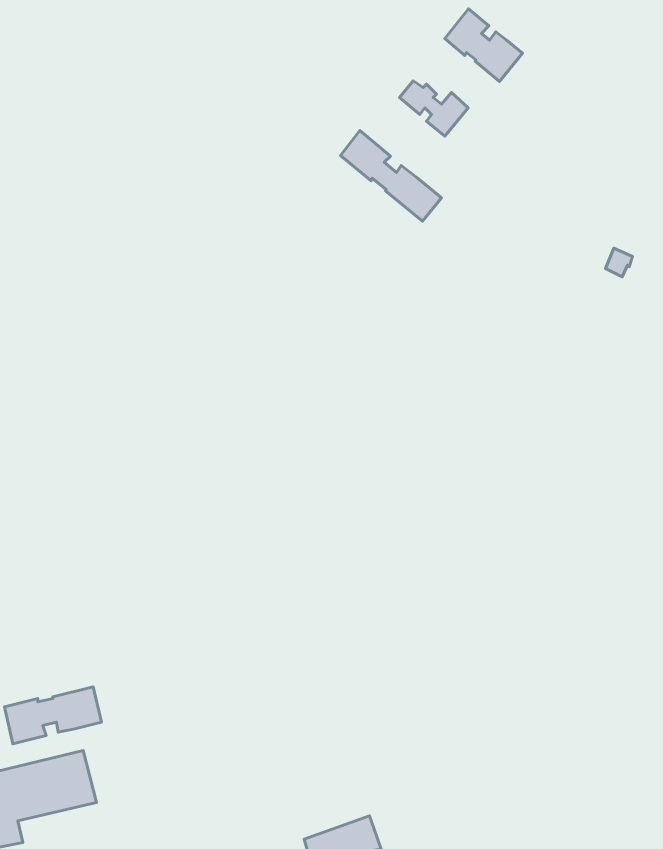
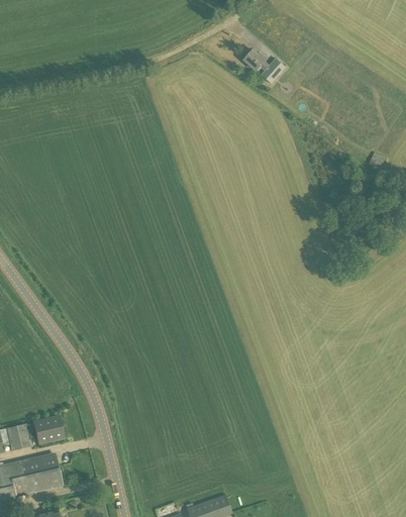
building: [445,9,522,82] -> none
building: [340,131,441,221] -> none

